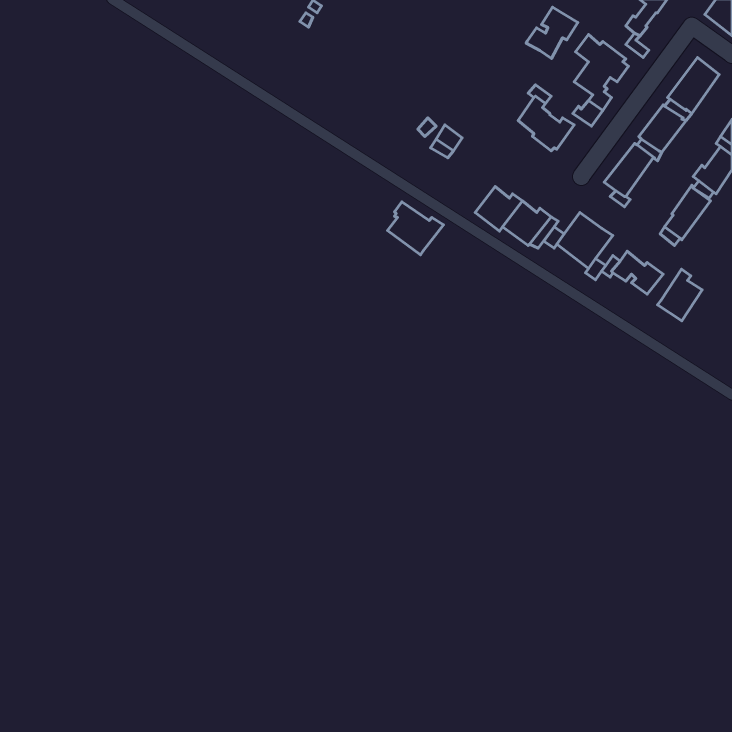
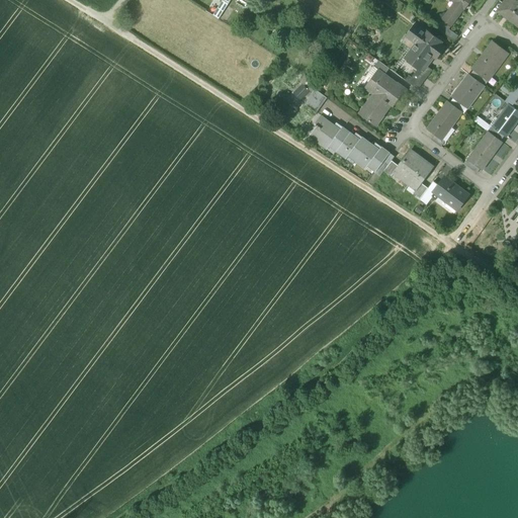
building: [526,7,578,58] -> none
building: none -> [357,96,388,125]
building: [387,202,443,255] -> [310,115,349,153]
building: [658,269,702,321] -> none

